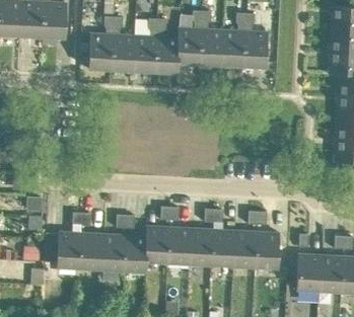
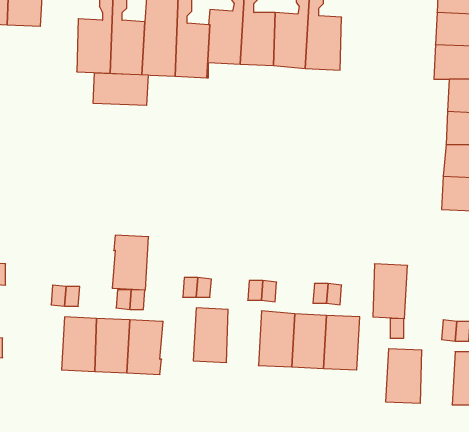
building: none -> [93,73,148,105]
building: [145,226,169,262] -> [112,235,149,290]
building: [190,228,213,265] -> none
building: [45,232,81,268] -> none
building: [320,255,343,292] -> [373,264,408,318]

